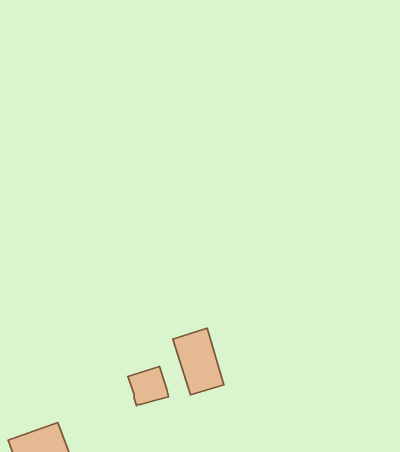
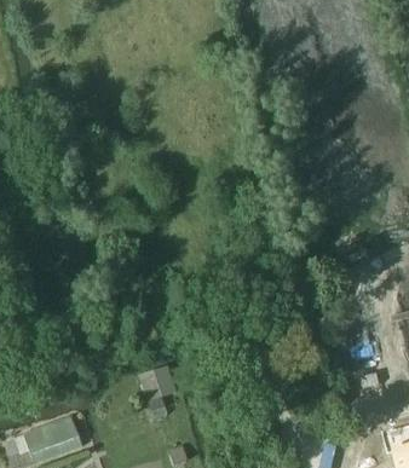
building: [173,328,224,395] -> none

